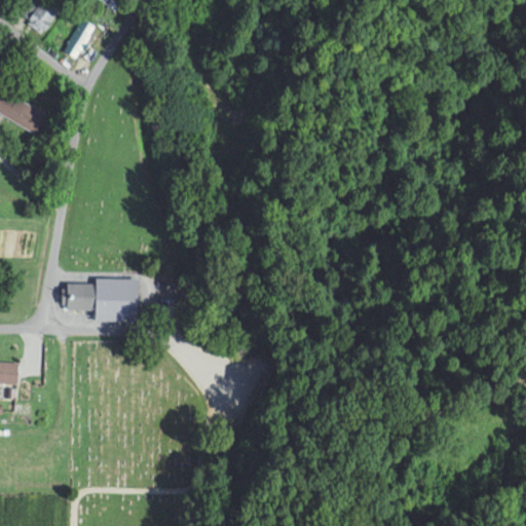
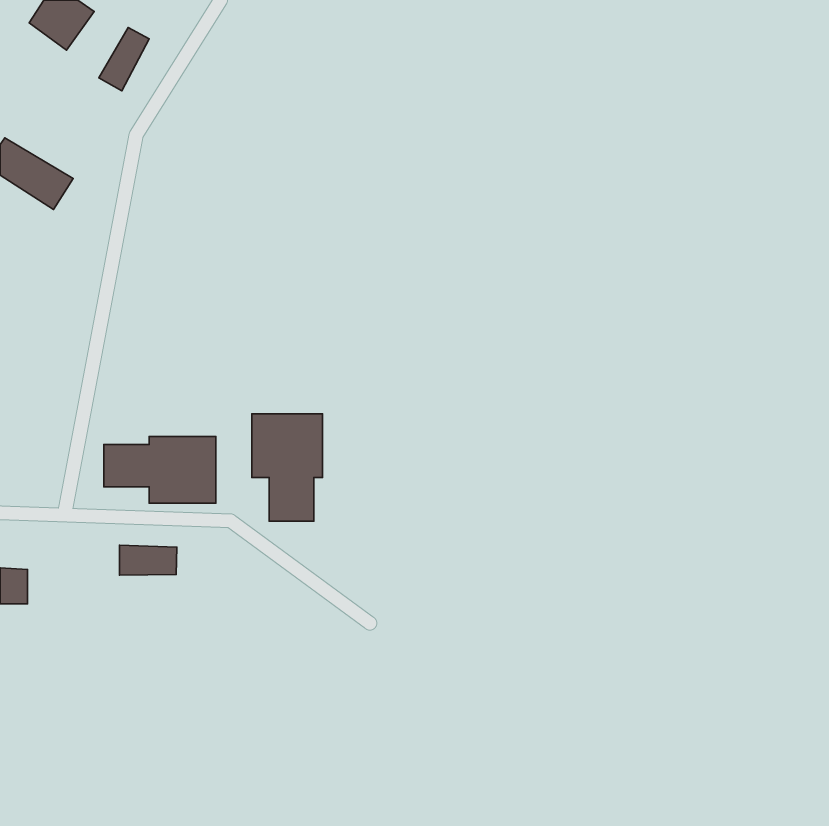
building: none -> [252,414,323,521]
building: none -> [119,545,177,575]

